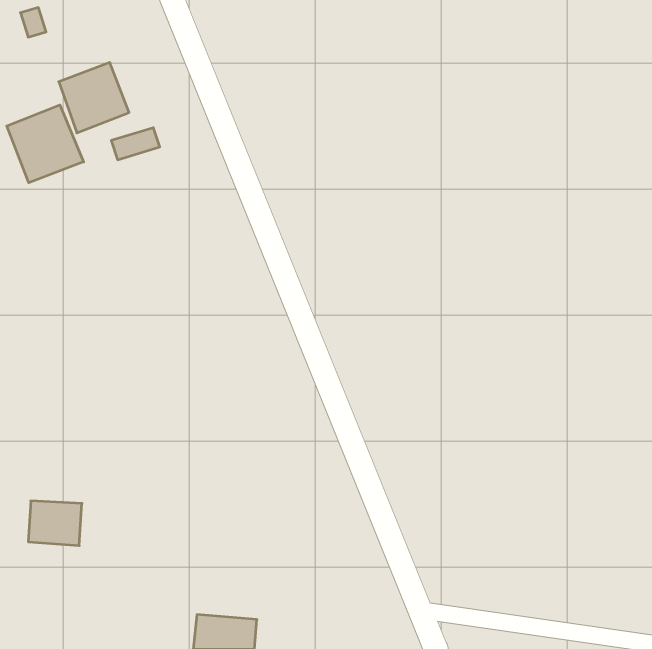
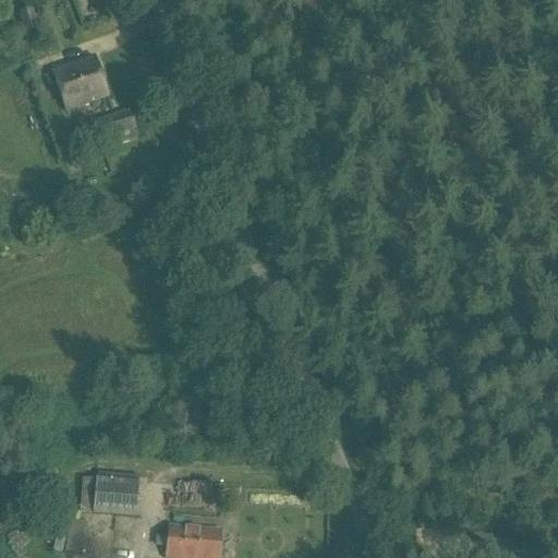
building: [7,105,84,183] -> none
building: [28,501,82,546] -> [93,480,138,518]

